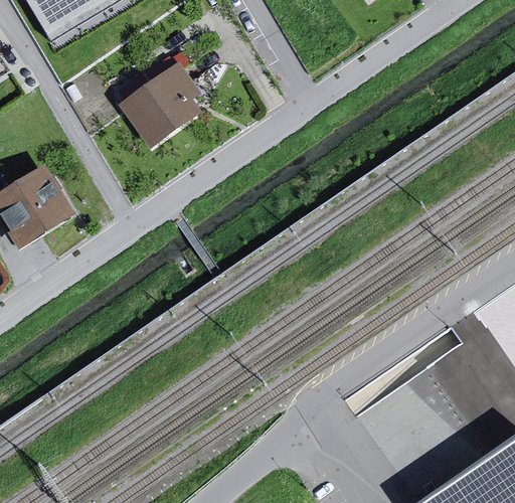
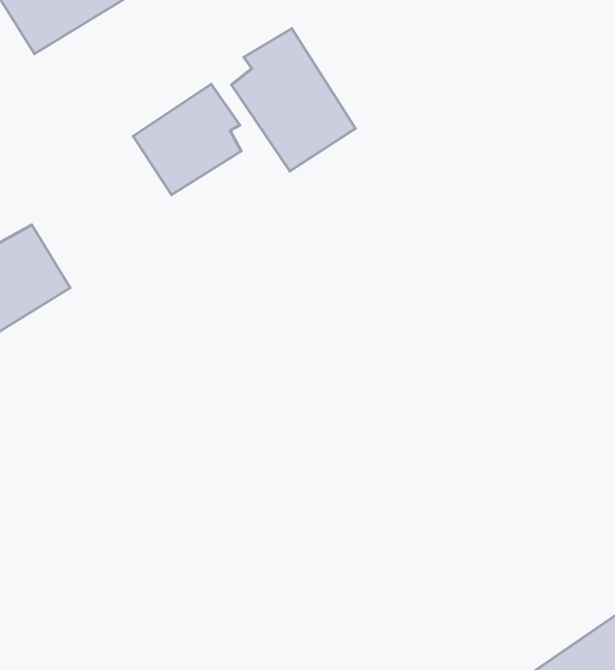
building: none -> [232,28,356,171]

